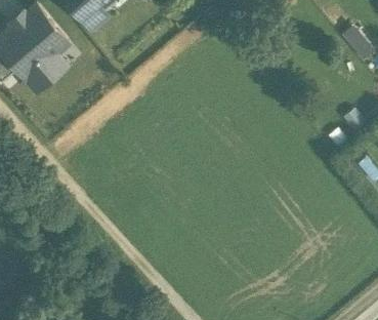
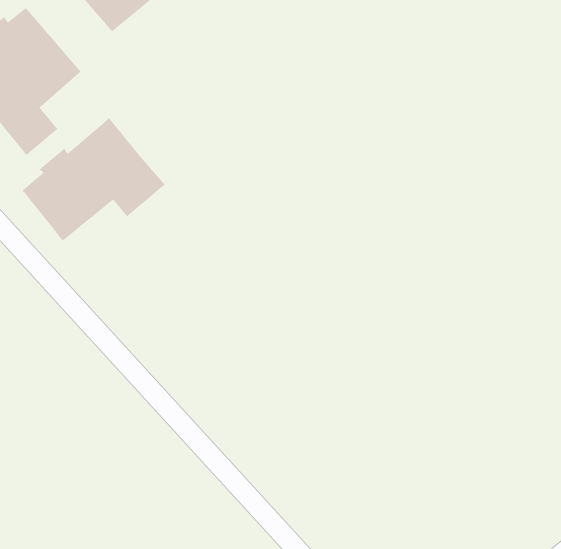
building: none -> [22,117,165,242]

